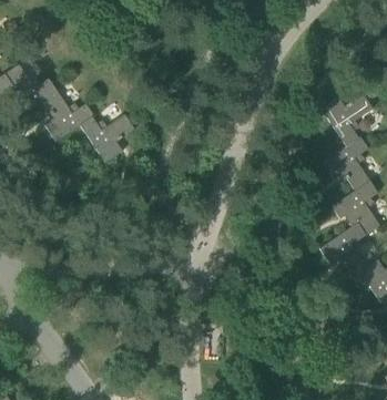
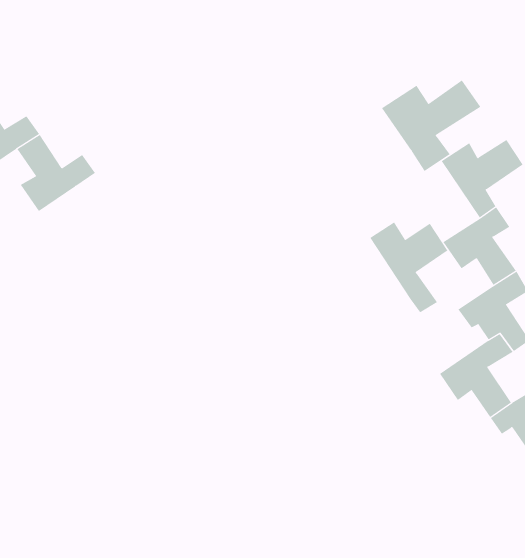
building: none -> [381,80,481,172]
building: [81,114,135,163] -> none
building: none -> [369,221,448,313]

